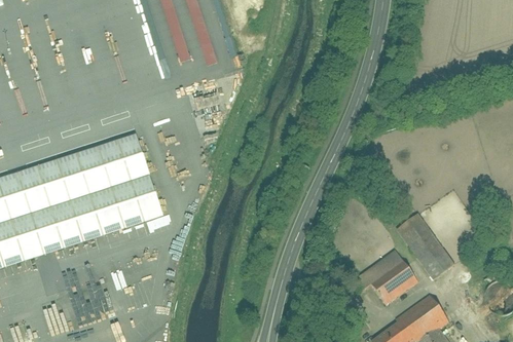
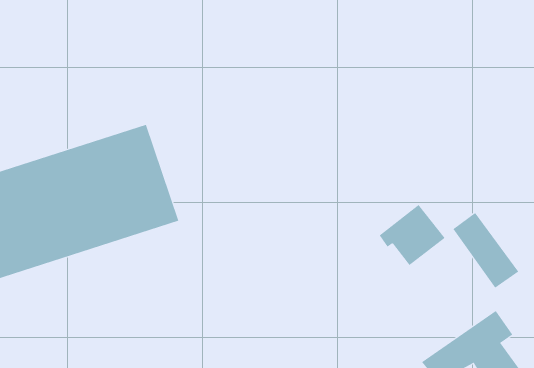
building: [359,249,415,301] -> [379,204,445,266]

